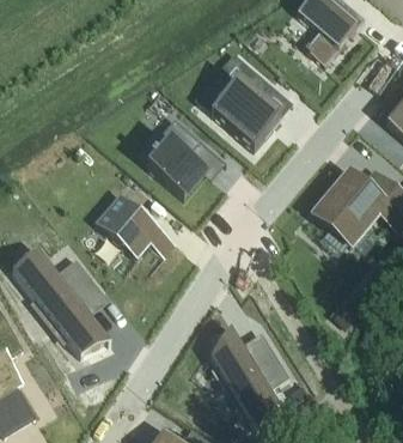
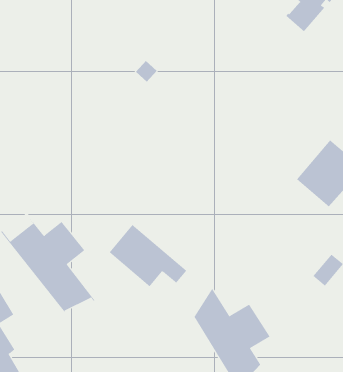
building: [209,65,279,147] -> none
building: [146,117,206,196] -> none
building: [93,193,173,257] -> [109,224,187,287]

